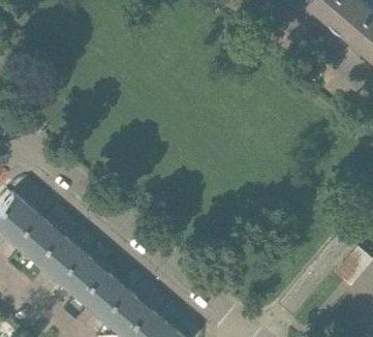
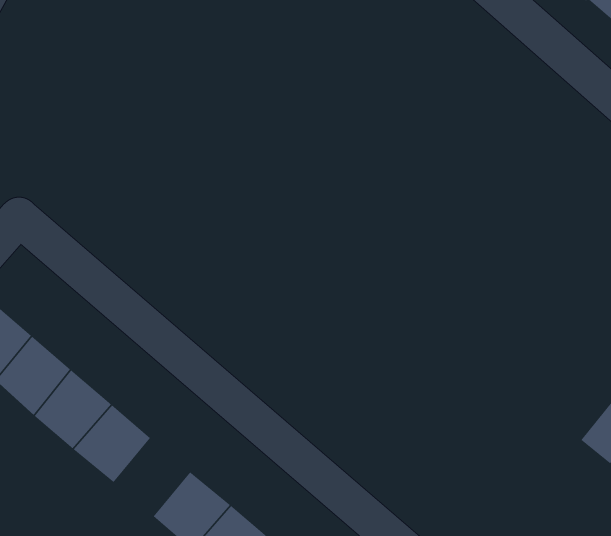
building: [79,272,121,315] -> none

